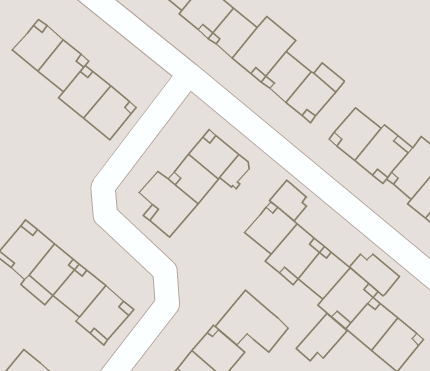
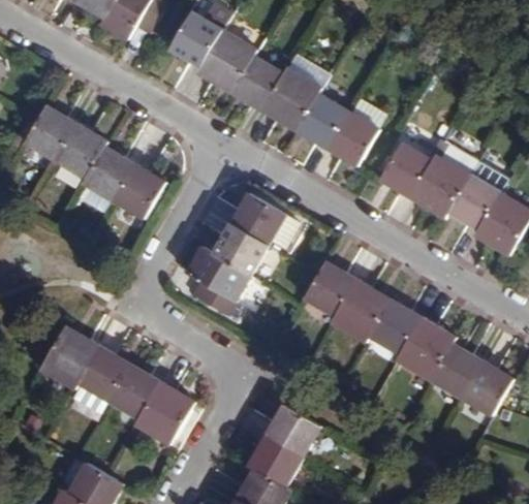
building: [269,180,307,221] -> none
building: [350,254,399,296] -> none
building: [215,290,288,352] -> none
building: [296,313,347,361] -> none

